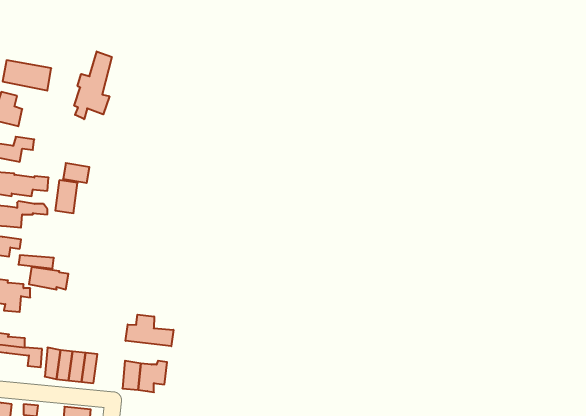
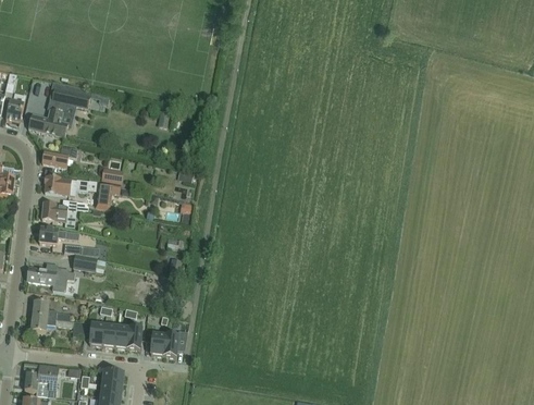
building: [74,51,112,119] -> none
building: [126,315,173,346] -> none

